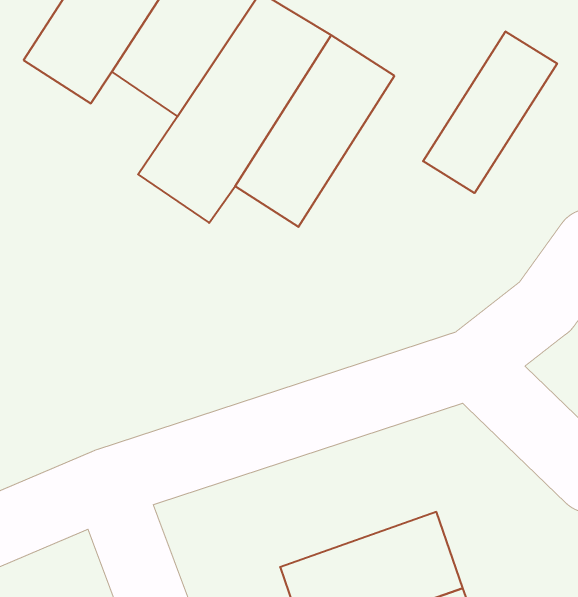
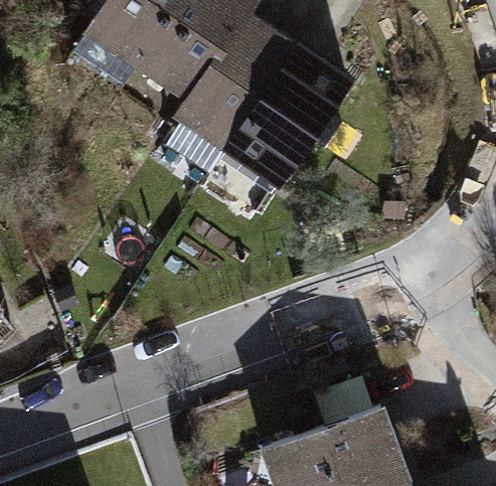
building: [423,31,557,193] -> none

